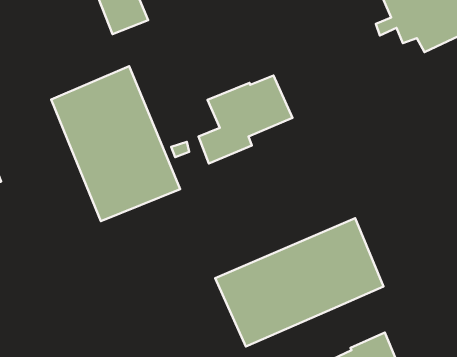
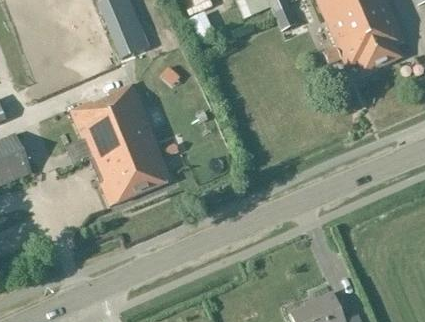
building: [198,76,292,163] -> none
building: [215,218,384,346] -> none

